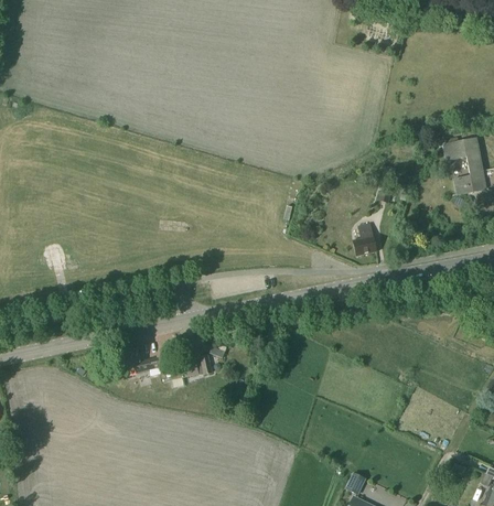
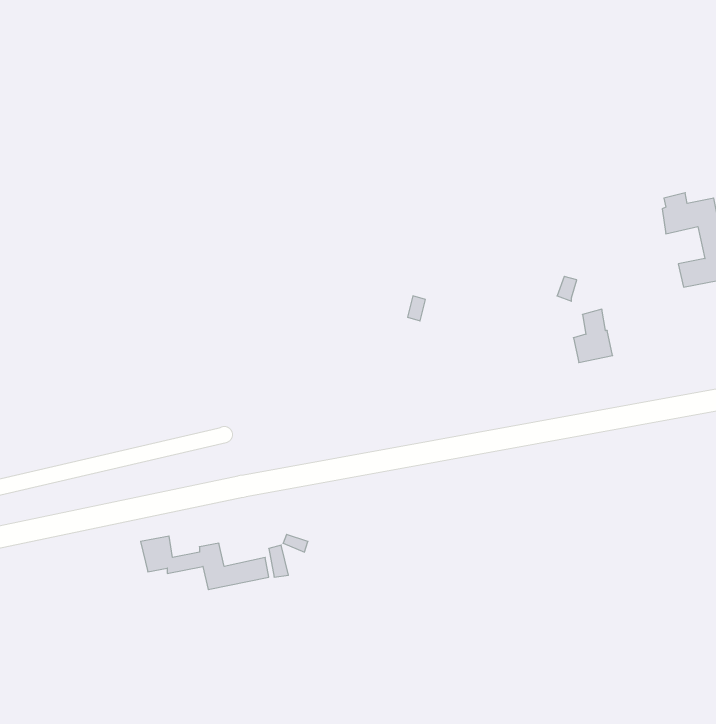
building: [353,222,377,255] -> [573,309,613,363]

